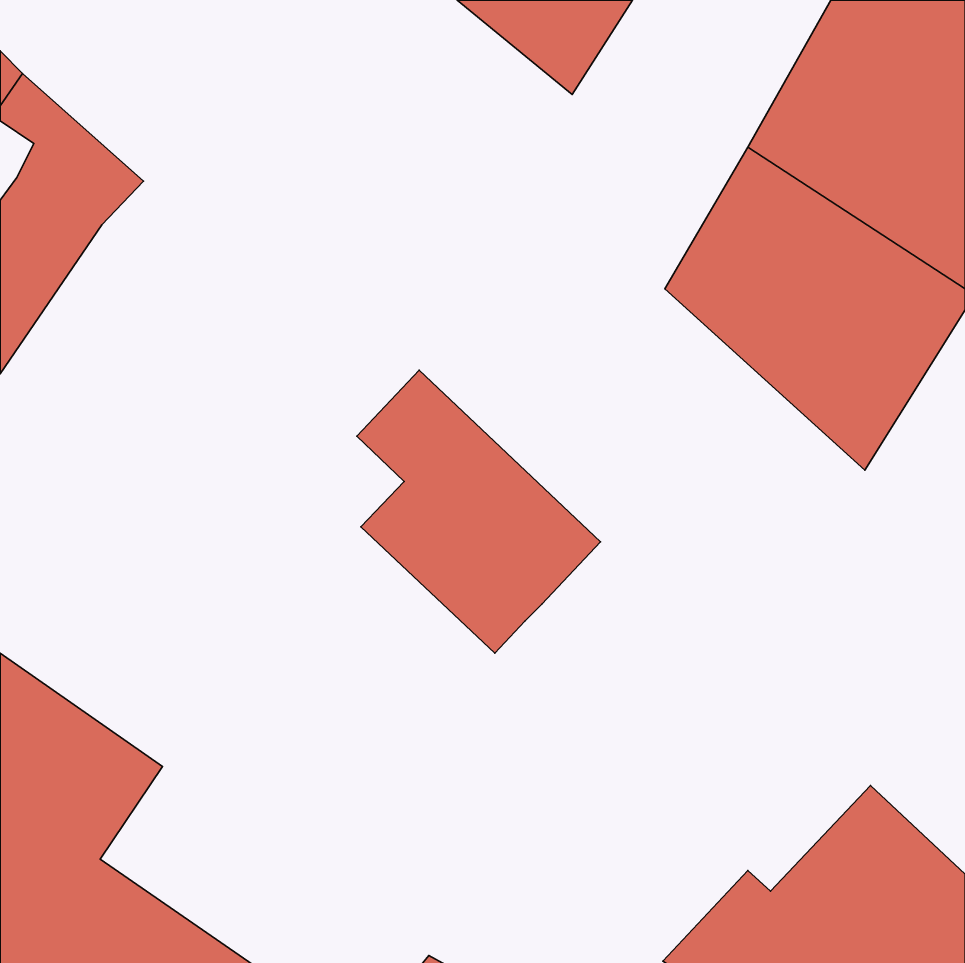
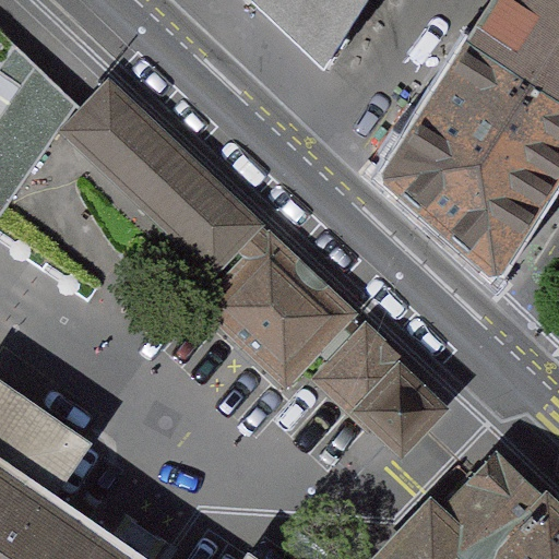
building: none -> [59,84,242,262]
building: none -> [304,328,441,443]

